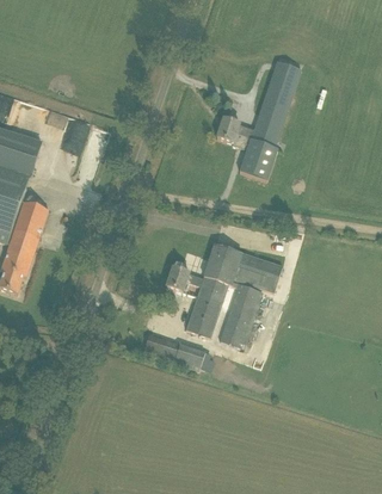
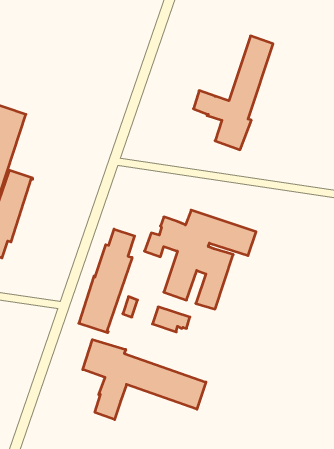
building: none -> [79,229,135,333]
building: none -> [83,340,206,420]

